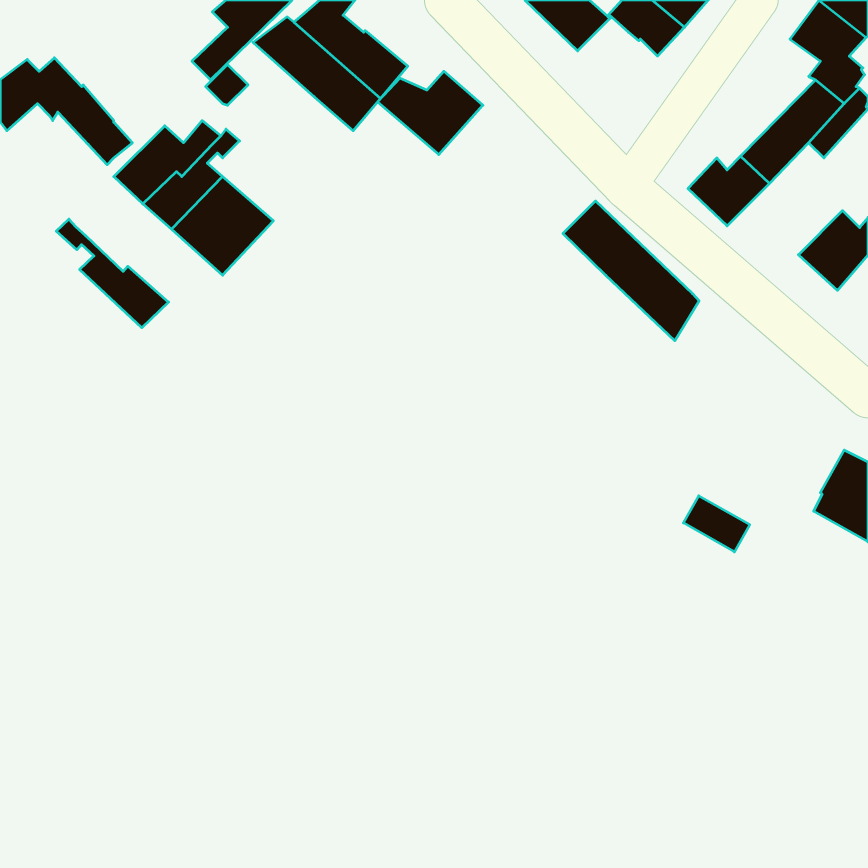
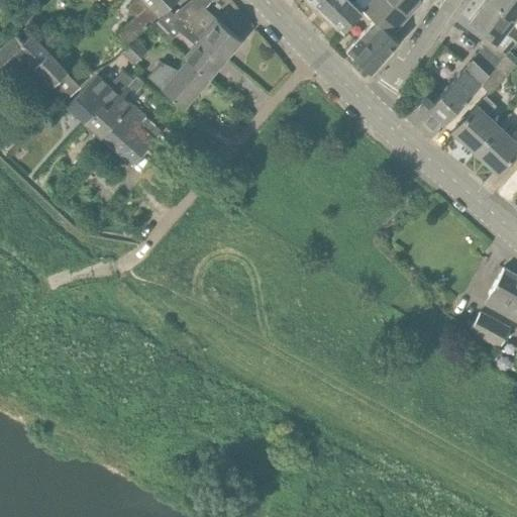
building: none -> [345,19,399,73]
building: [378,71,483,155] -> [147,58,210,107]
building: none -> [452,95,501,151]
building: [563,201,699,341] -> none
building: [56,219,169,328] -> none
building: [683,496,750,552] -> [471,312,510,345]

